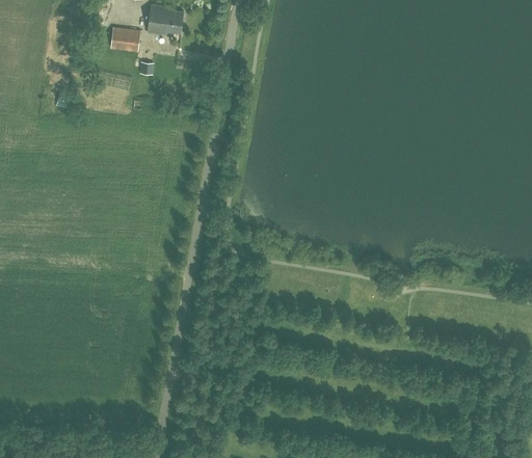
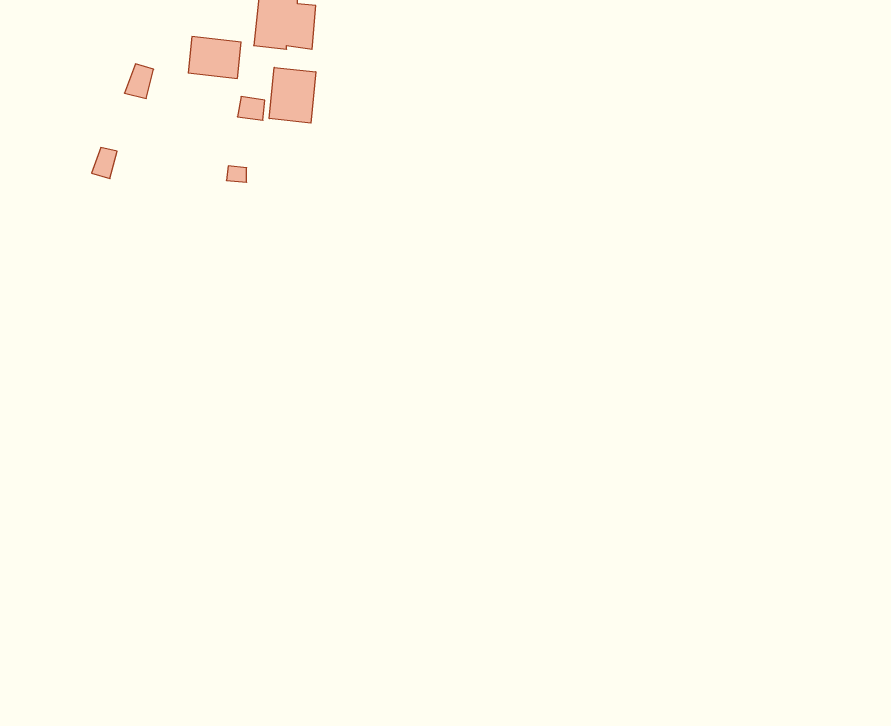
building: none -> [269,67,316,123]

